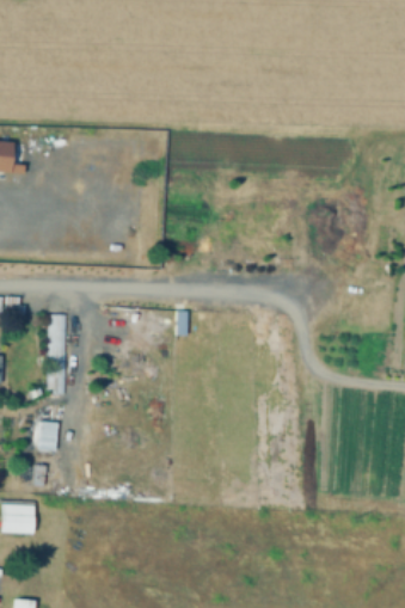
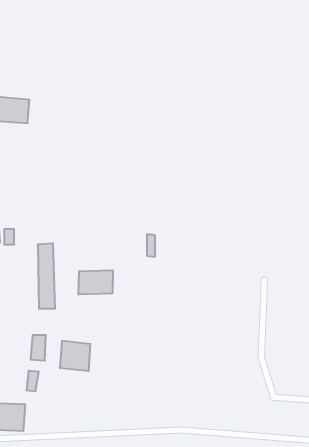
building: none -> [79,270,113,295]
building: none -> [60,341,90,371]

